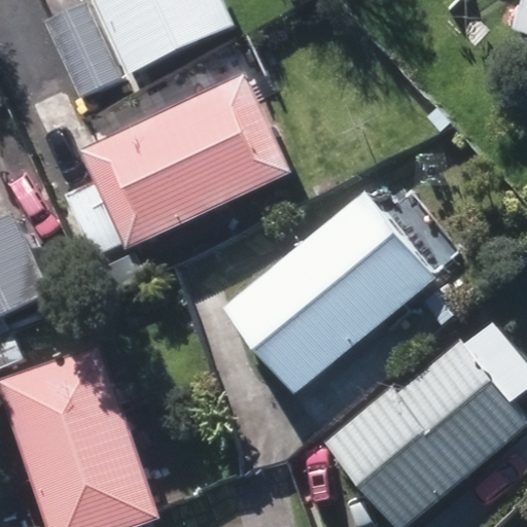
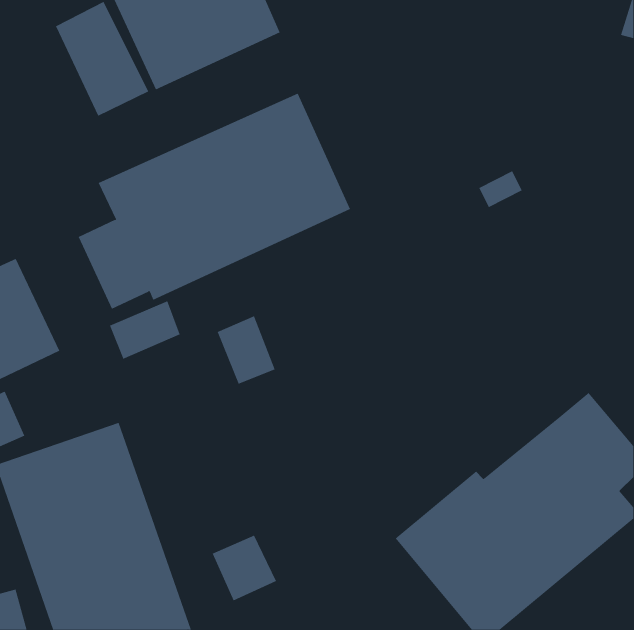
building: [225,194,433,392] -> none

